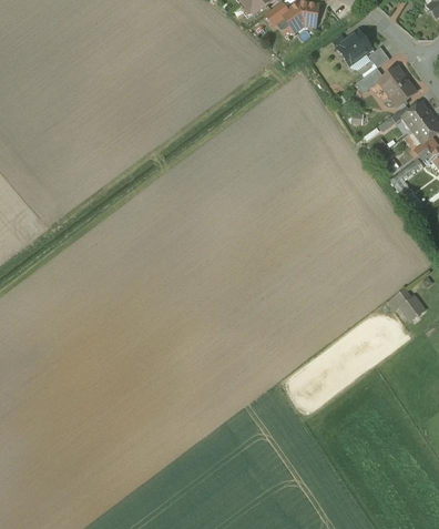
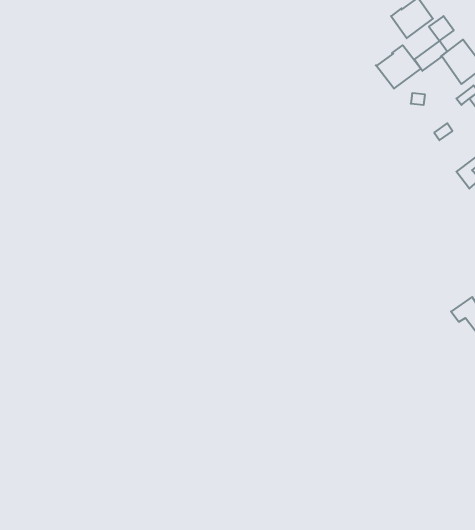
building: none -> [376,45,421,89]

